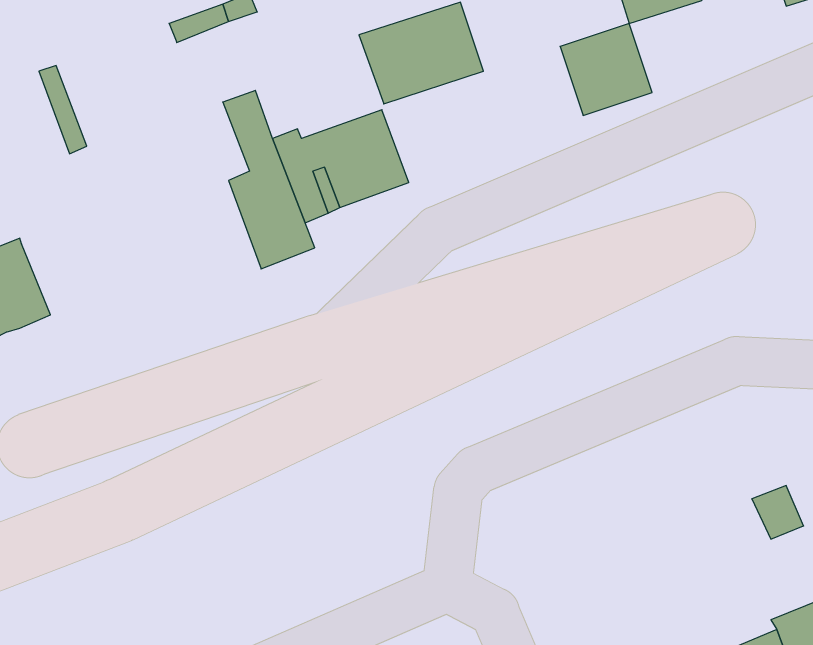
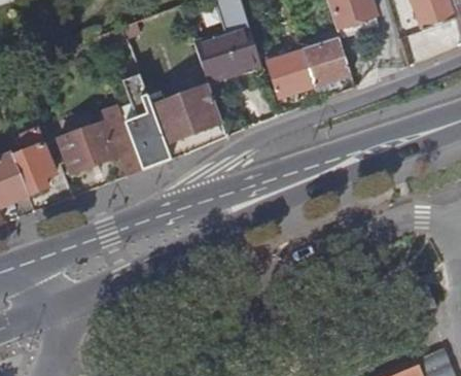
building: none -> [267,49,315,99]
building: none -> [58,105,142,175]
building: none -> [13,127,55,194]

